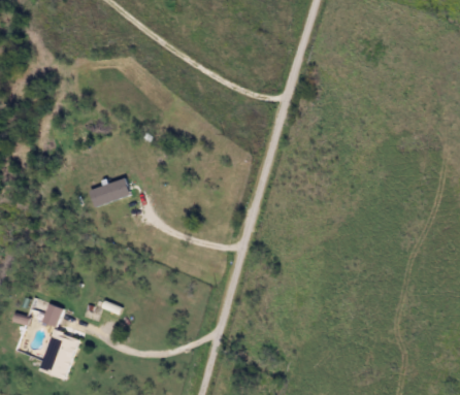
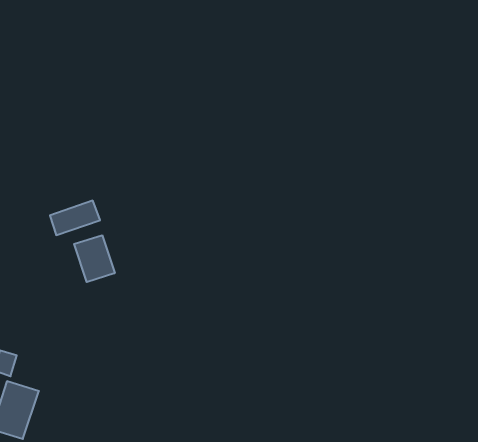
building: none -> [74,235,115,282]

